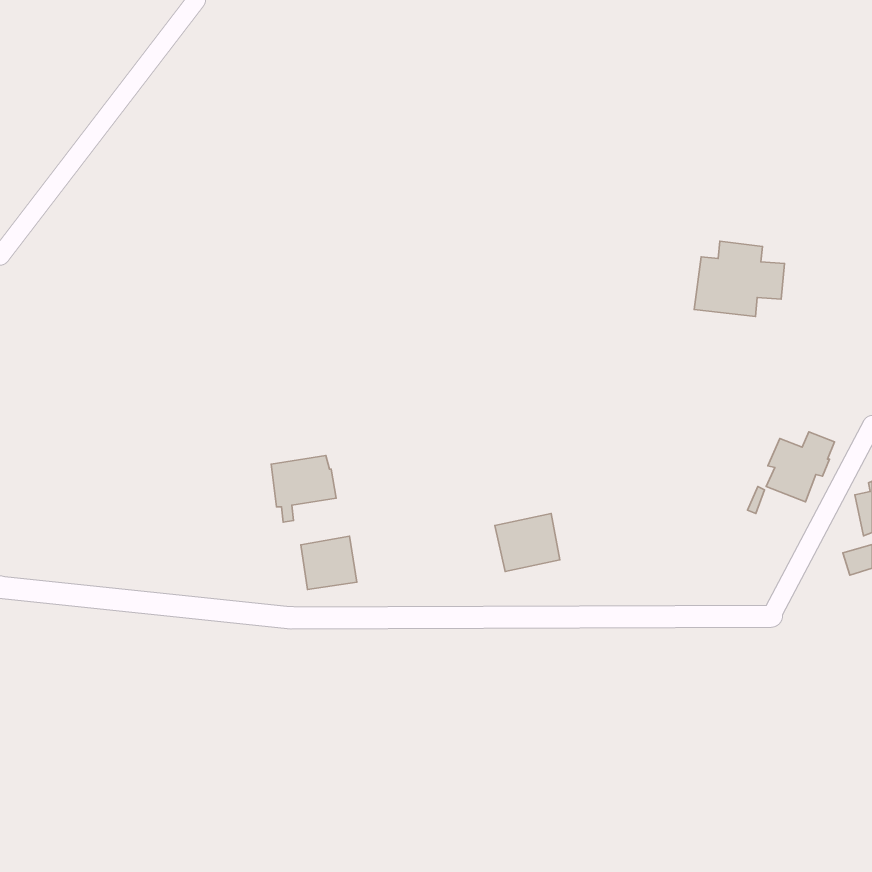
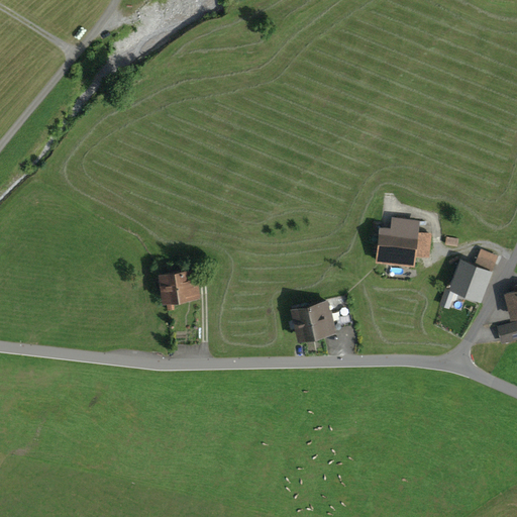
building: [694,241,785,316] -> [377,220,430,265]
building: [301,536,357,589] -> none

